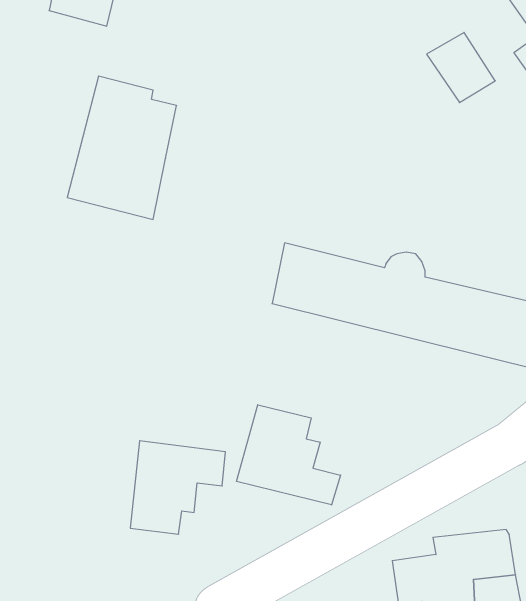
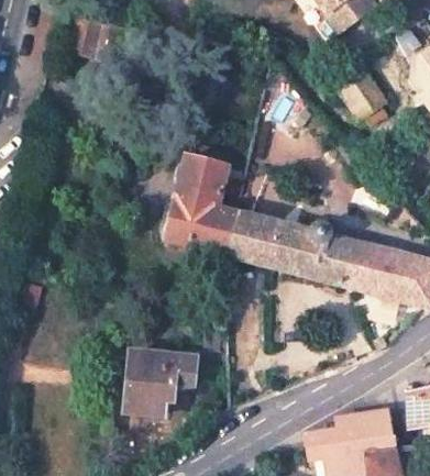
building: [67,76,177,219] -> [166,155,243,256]
building: [237,405,341,505] -> none

